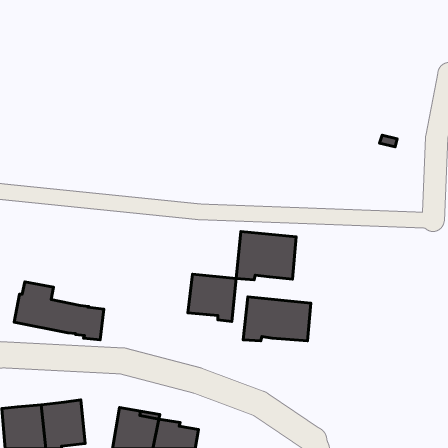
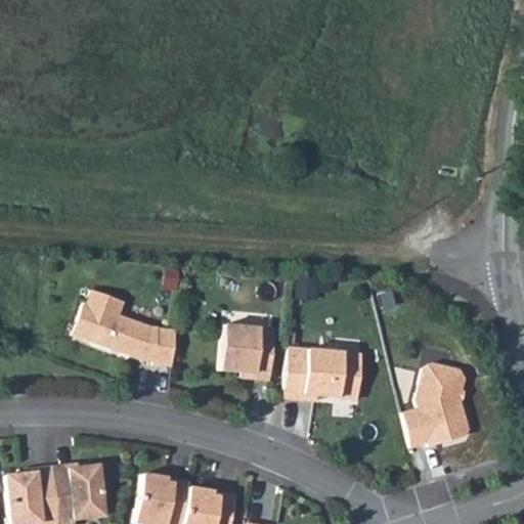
building: [236,231,296,280] -> none
building: [14,282,104,340] -> [74,291,178,358]
building: none -> [404,362,471,448]

